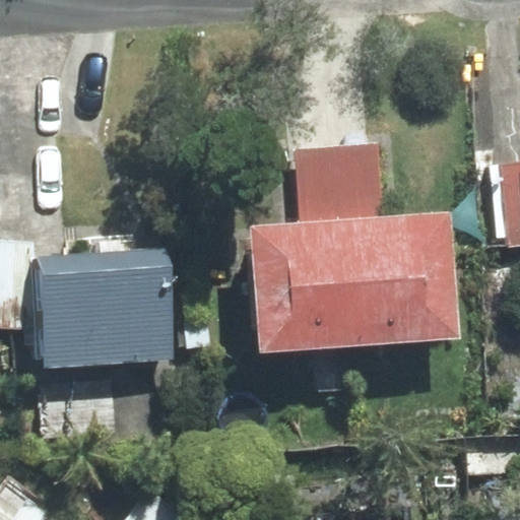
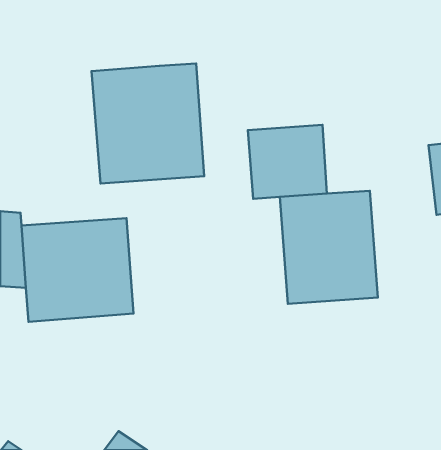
building: none -> [92,63,204,184]
building: [237,224,344,354] -> none

